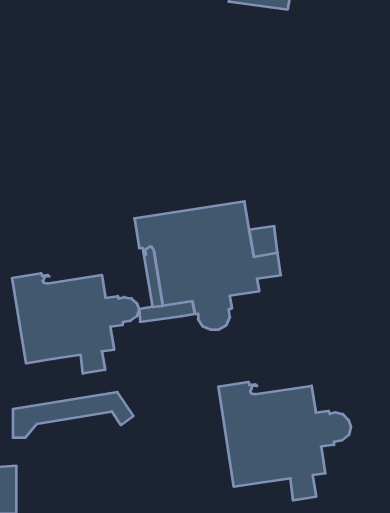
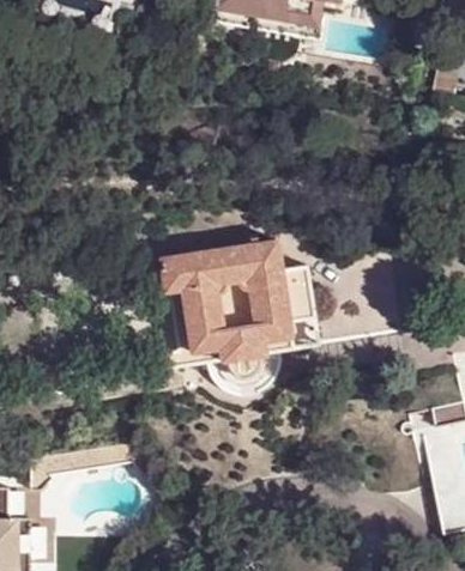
building: [12,273,139,374] -> none
building: [218,382,351,500] -> none

